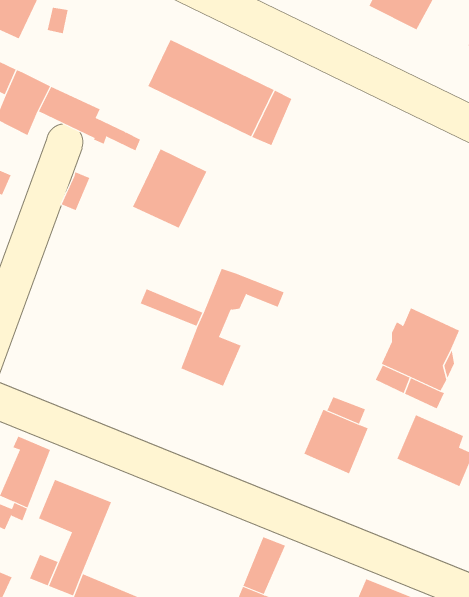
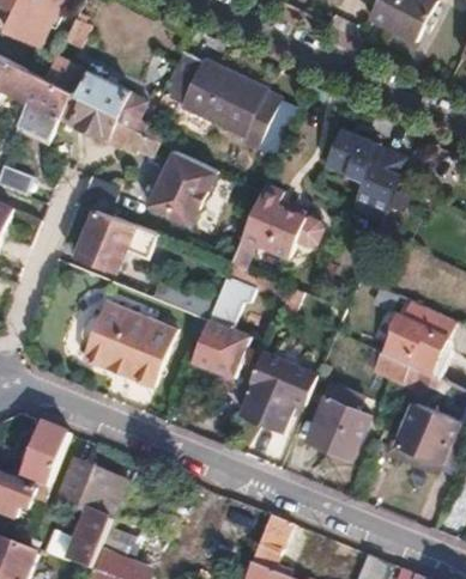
building: none -> [43,57,146,135]
building: none -> [325,127,406,220]
building: none -> [230,183,325,268]
building: none -> [78,211,156,268]
building: none -> [79,300,175,385]
building: none -> [242,351,317,428]

